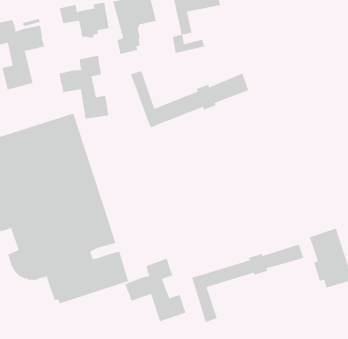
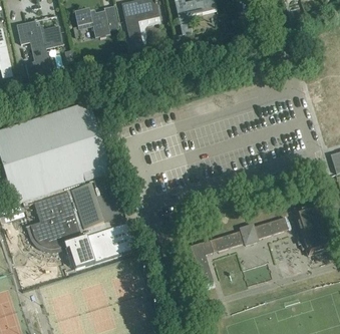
building: [58,55,109,120] -> none
building: [130,70,249,129] -> none
building: [124,257,187,322] -> none

